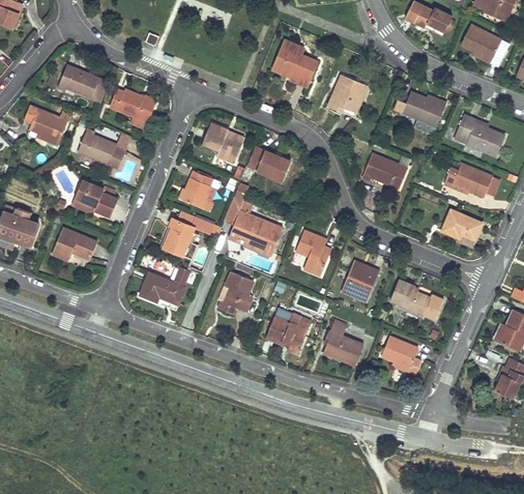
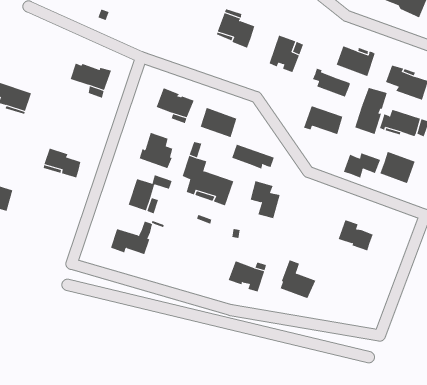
building: [58,63,99,97] -> none
building: none -> [312,68,350,97]
building: [78,126,124,169] -> none
building: none -> [354,87,388,135]
building: none -> [232,144,275,170]
building: none -> [343,152,381,178]
building: [52,226,97,259] -> none
building: [342,265,379,302] -> none
building: [220,272,254,315] -> none
building: [382,337,420,375] -> none

